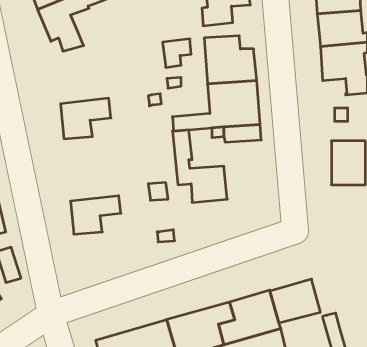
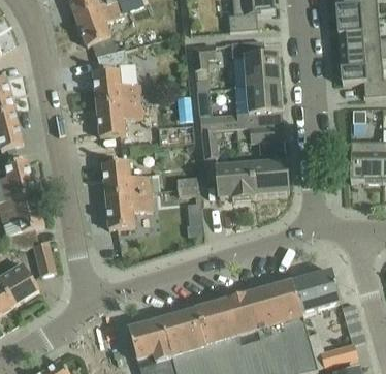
building: none -> [92,51,140,105]
building: none -> [249,160,288,195]
building: none -> [101,162,160,197]

